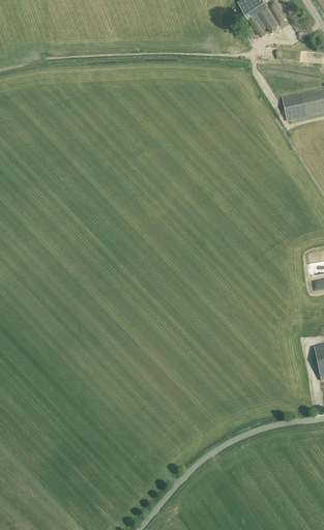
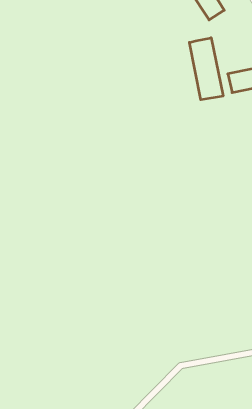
building: none -> [189,38,223,100]

